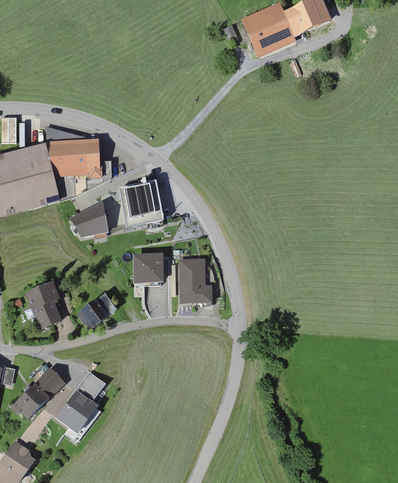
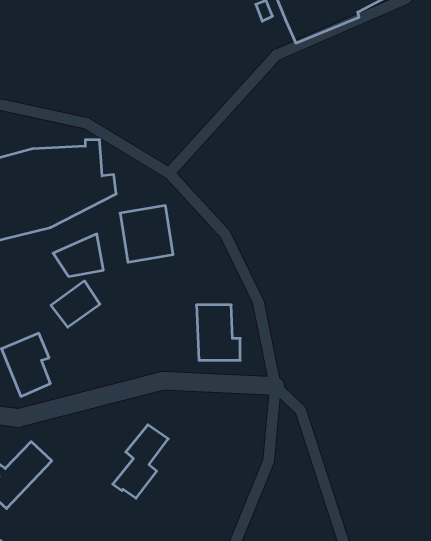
building: [130,255,160,282] -> none
building: [78,293,116,329] -> [51,281,100,327]
building: [63,368,106,425] -> [113,425,168,498]

